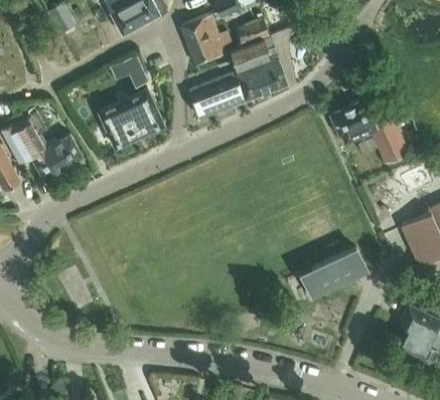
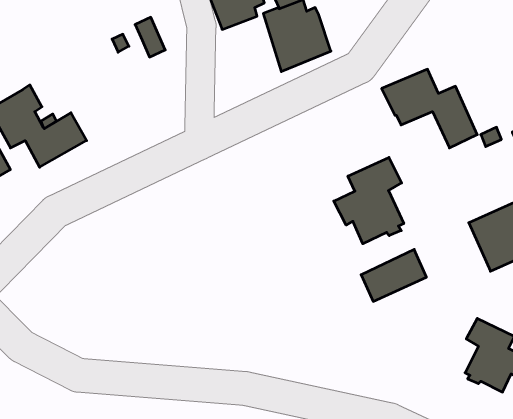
building: [189,72,244,118] -> none
building: [99,90,163,148] -> none
building: none -> [334,157,404,244]

